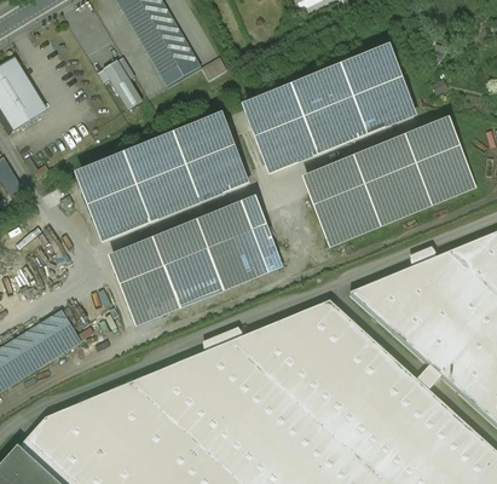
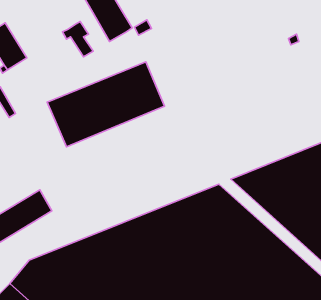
building: [242,50,416,177] -> none
building: [301,120,478,248] -> none
building: [108,200,282,327] -> none

